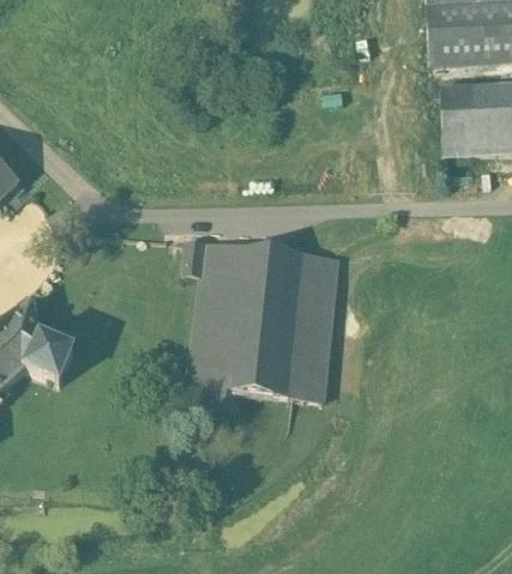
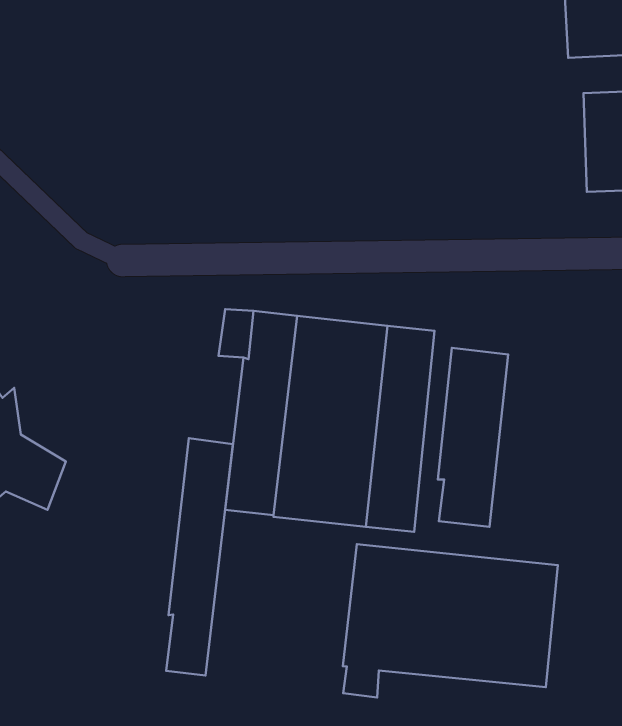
building: none -> [438,348,508,527]
building: none -> [166,438,233,675]
building: none -> [343,544,558,698]

